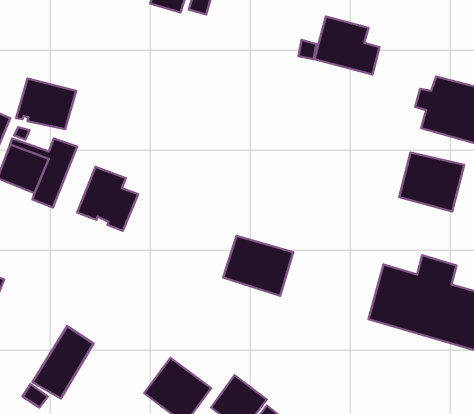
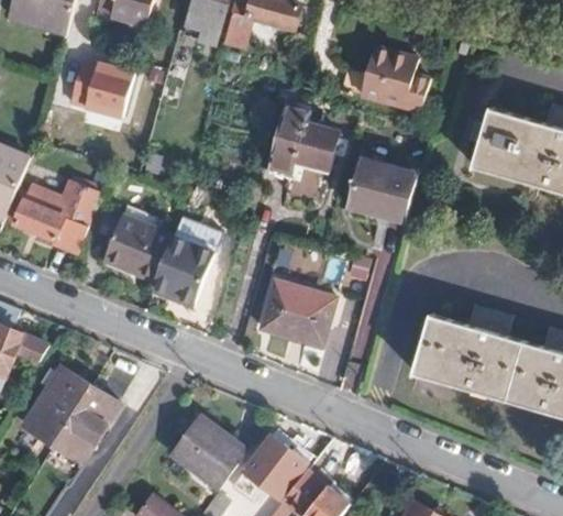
building: none -> [266,107,336,175]
building: [16,78,76,129] -> [67,59,132,114]
building: [399,153,464,211] -> [346,161,417,224]
building: none -> [153,217,220,301]
building: none -> [24,366,90,444]

